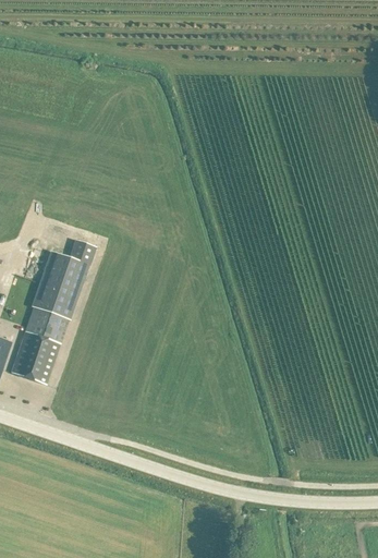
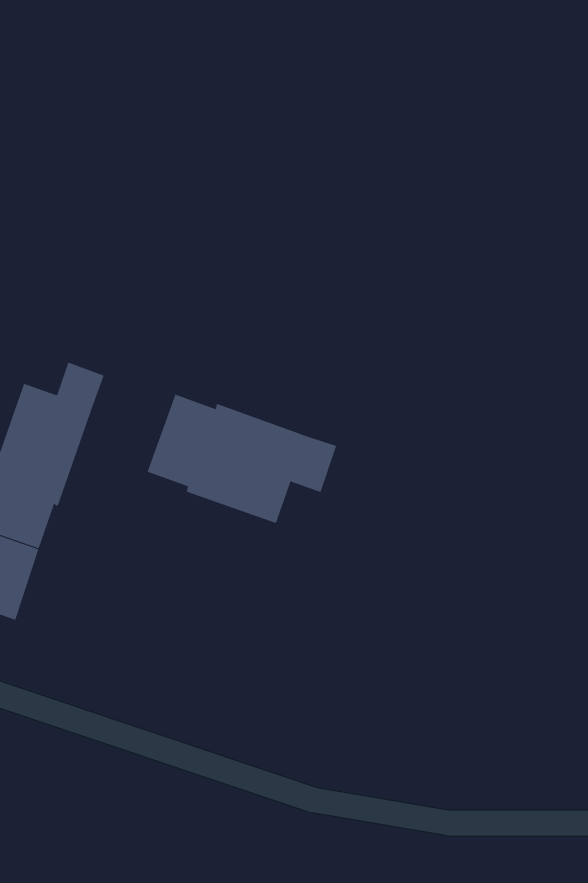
building: none -> [147,394,337,524]

